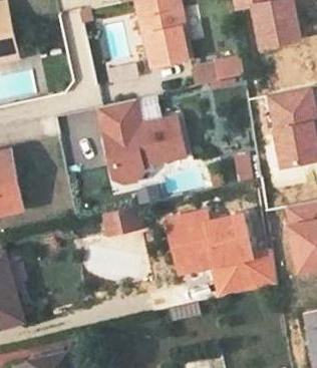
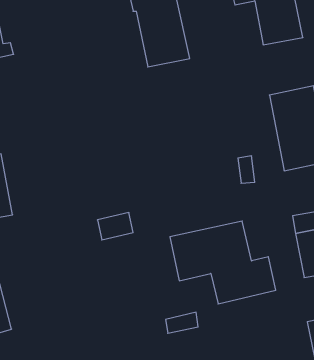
building: [193,55,240,84] -> none
building: [96,98,184,181] -> none

